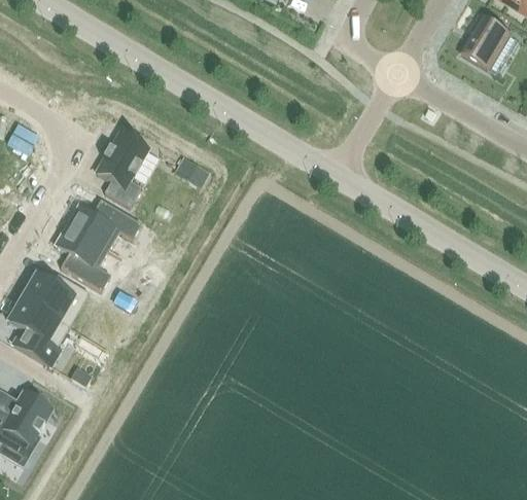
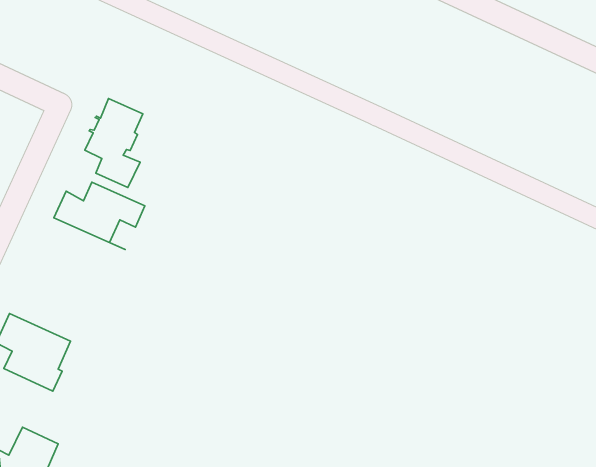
building: [55,223,121,289] -> none
building: [22,274,90,325] -> none

